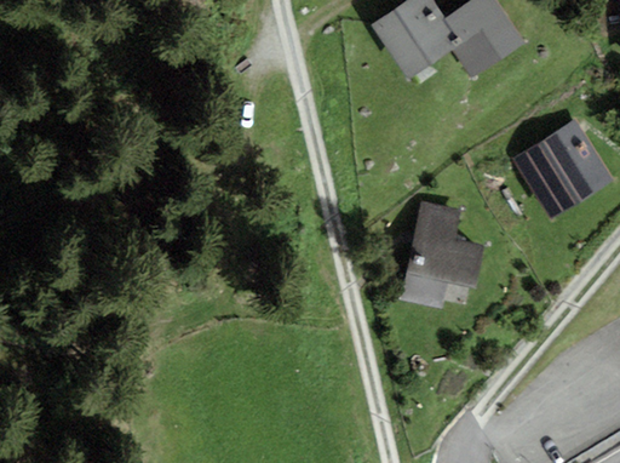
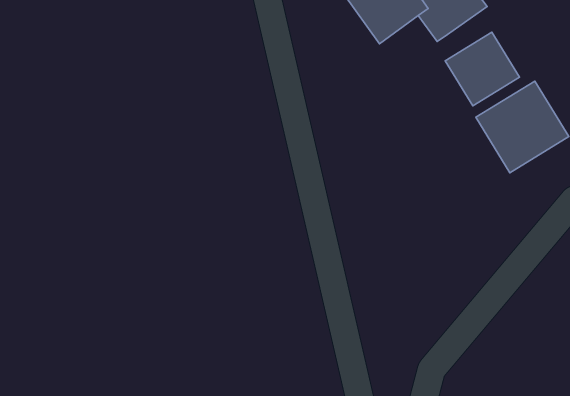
building: none -> [445,32,520,106]
building: [400,201,486,305] -> none

